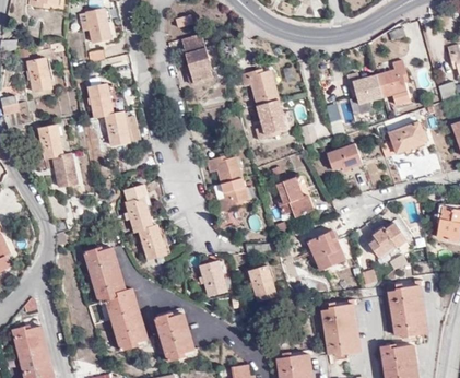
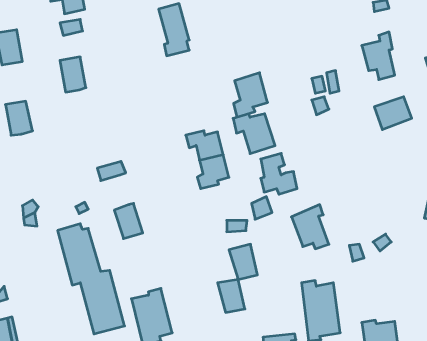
building: [239,69,280,107] -> [233,114,275,154]
building: [347,72,385,111] -> none
building: [106,111,130,144] -> none
building: [327,143,364,169] -> none
building: [50,153,78,187] -> none
building: [127,198,154,233] -> none
building: [369,225,410,260] -> none
building: [200,261,226,293] -> [218,279,245,312]
building: [386,276,423,332] -> none

